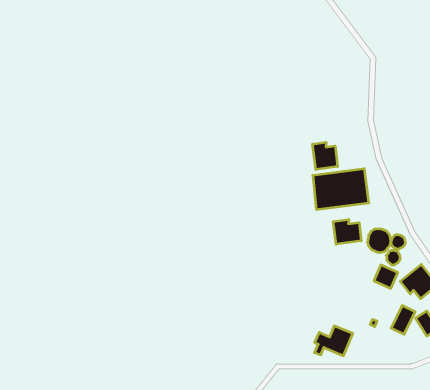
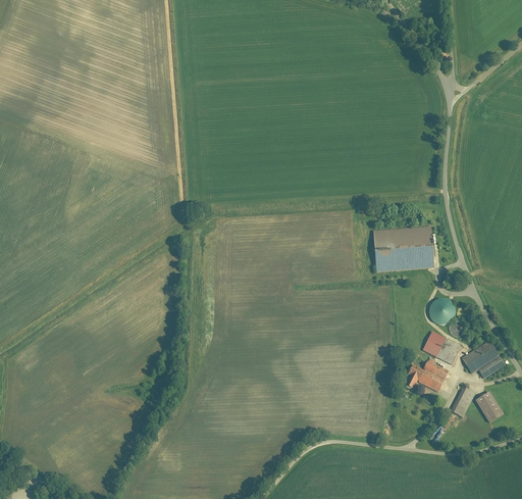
building: [313,142,338,170] -> none
building: [333,219,361,244] -> none
building: [314,326,353,356] -> [405,359,450,394]

